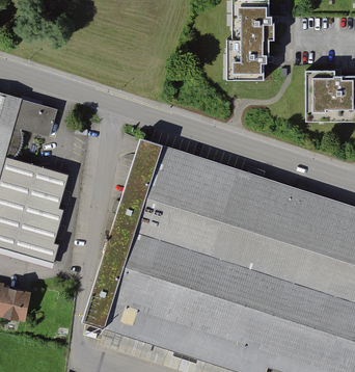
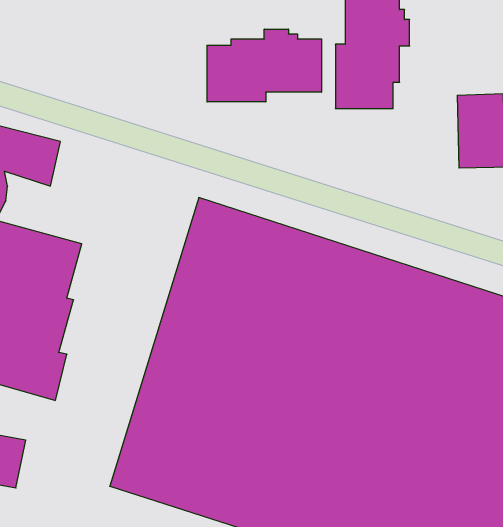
building: none -> [207,29,321,102]

